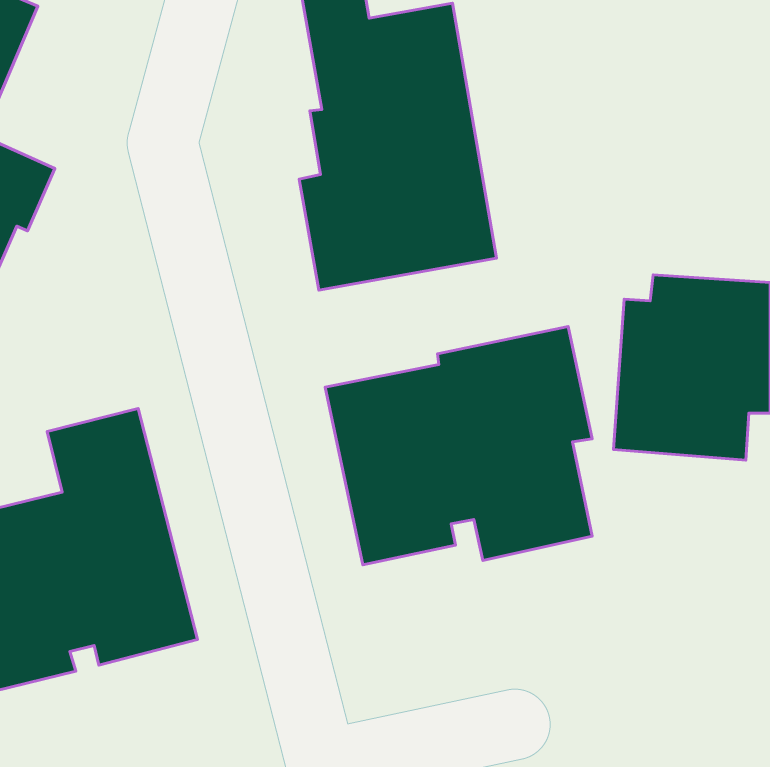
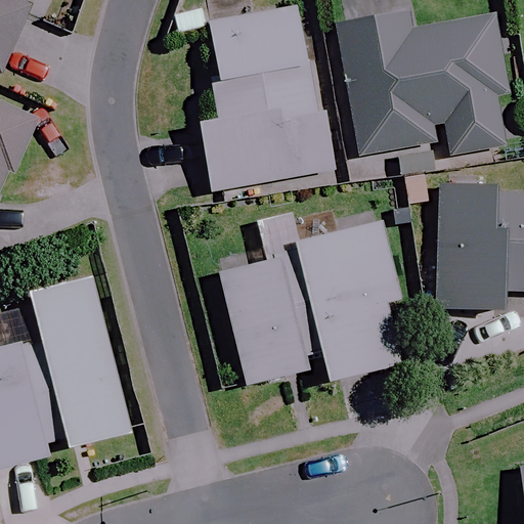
building: none -> [337,12,511,156]

